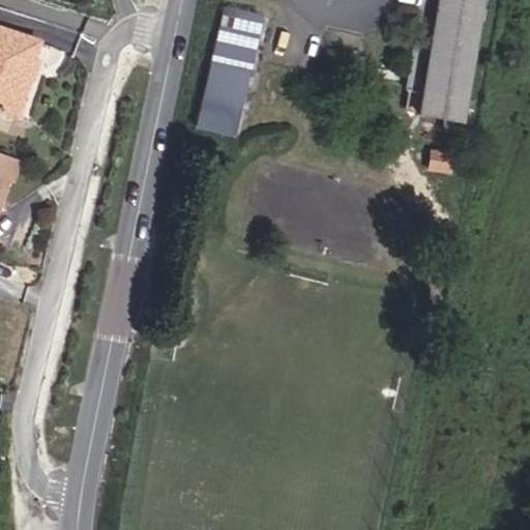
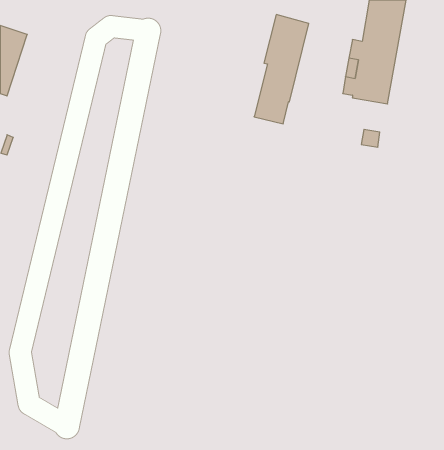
building: [201,6,265,135] -> [254,15,309,124]

